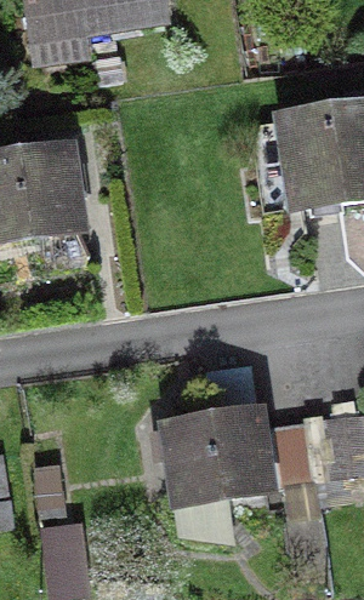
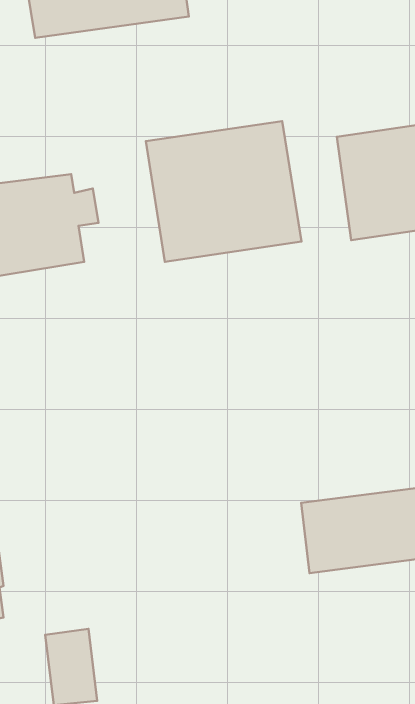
building: none -> [146,121,301,262]
building: [152,415,265,502] -> none

